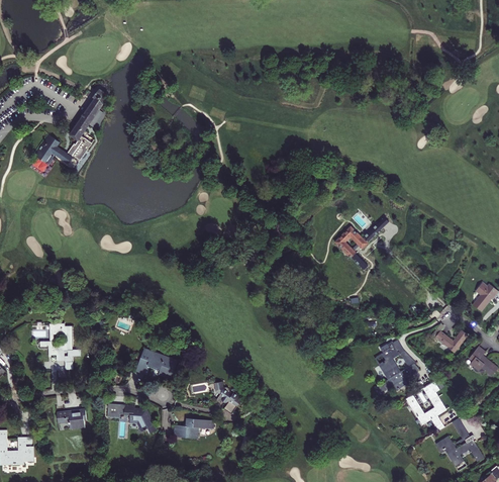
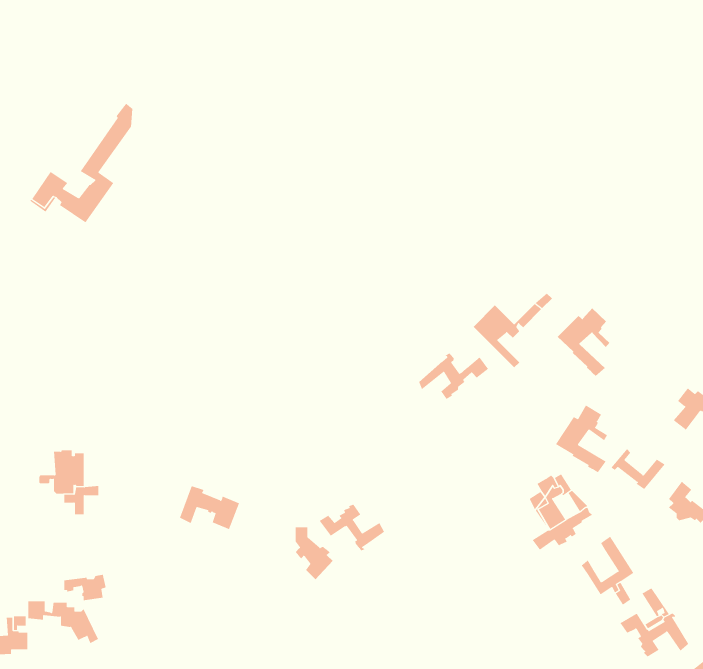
building: none -> [557,308,610,377]
building: none -> [418,352,489,400]
building: none -> [555,405,608,473]
building: none -> [319,504,385,551]
building: [108,404,157,433] -> [28,601,99,644]
building: [174,418,214,439] -> none

